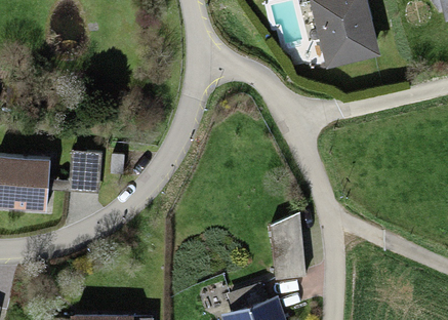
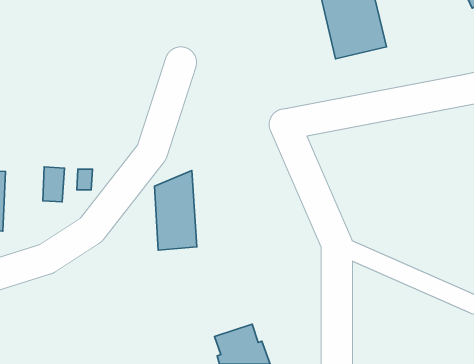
building: [272,208,308,276] -> [154,170,197,250]

